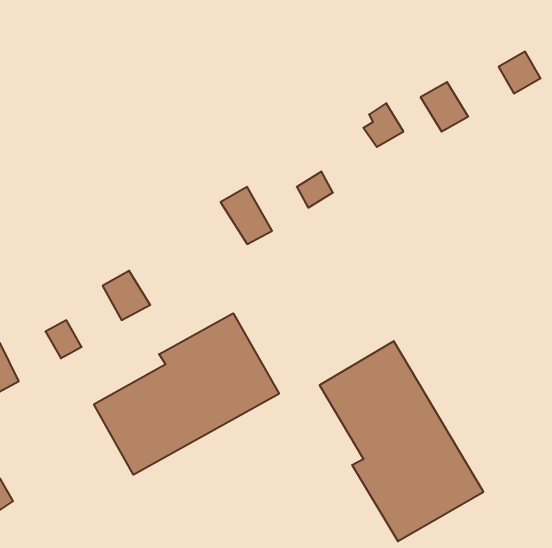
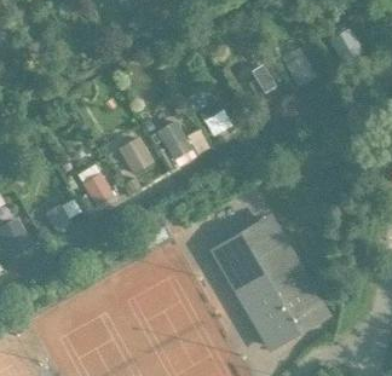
building: none -> [116,135,154,173]
building: [94,313,279,475] -> none

